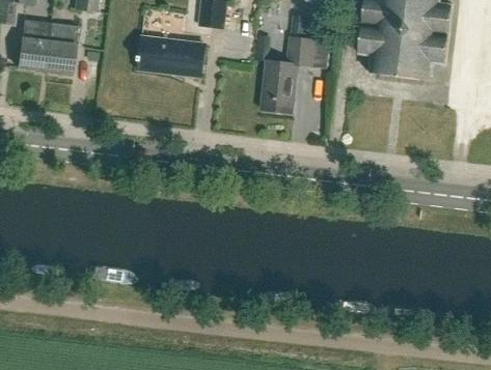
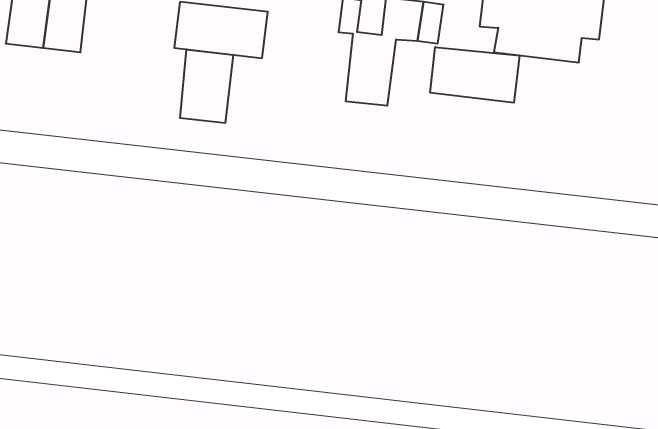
building: none -> [430,47,519,103]
building: none -> [180,49,233,123]

